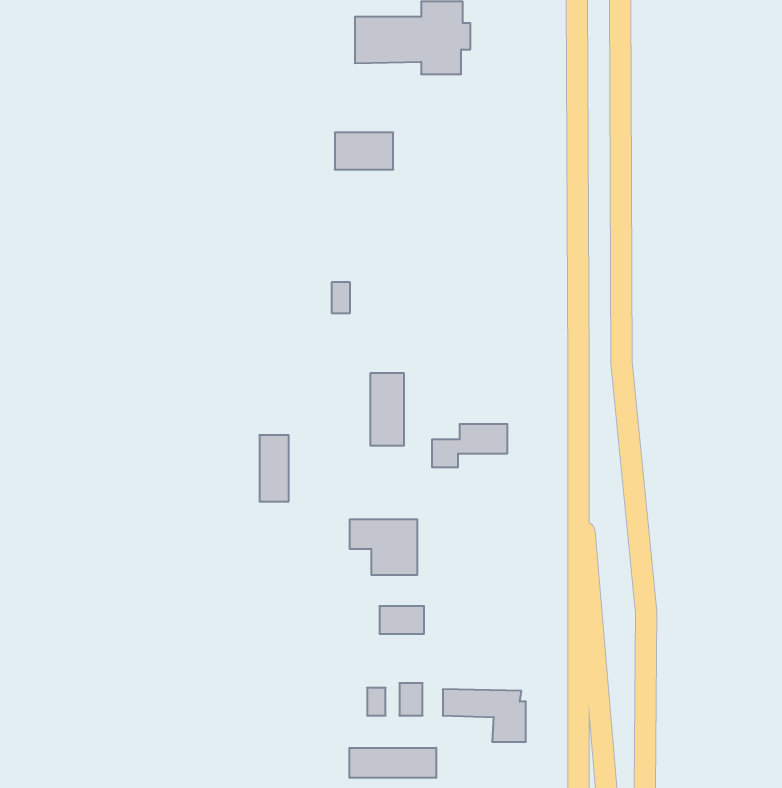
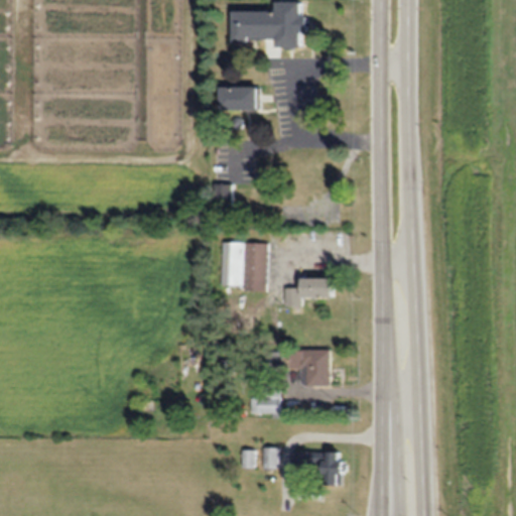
building: [259,435,289,501] -> [219,243,238,286]
building: [350,519,417,575] -> [284,350,329,386]
building: [350,748,436,778] -> none

